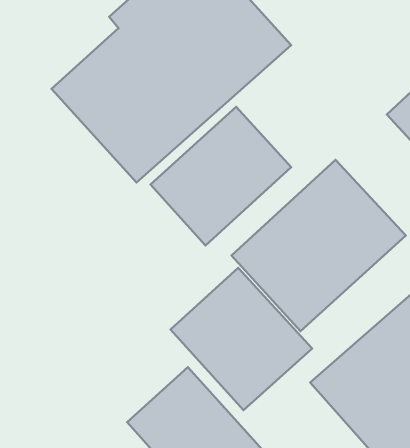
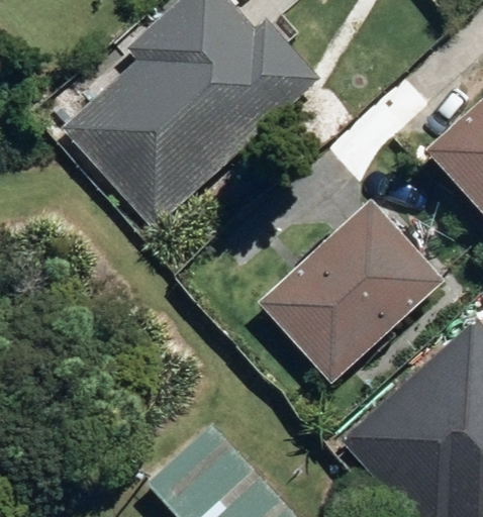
building: [151,107,291,245] -> none
building: [170,268,312,410] -> none

